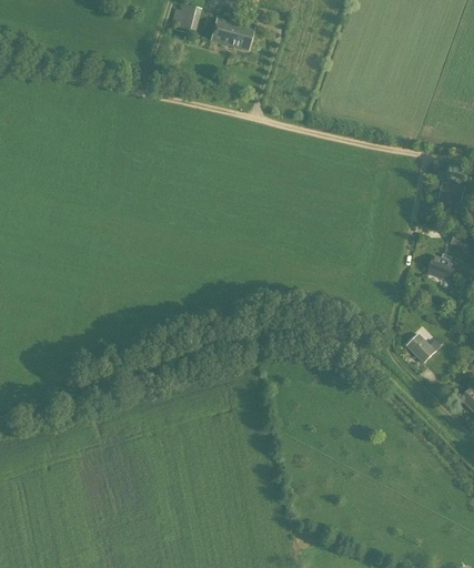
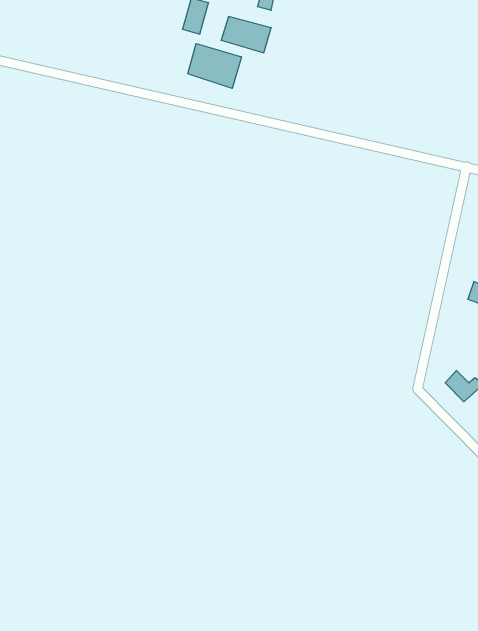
building: none -> [188,44,241,88]

